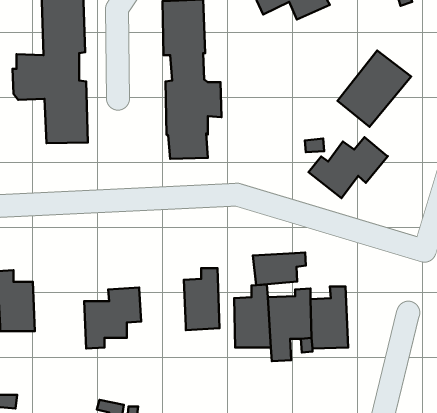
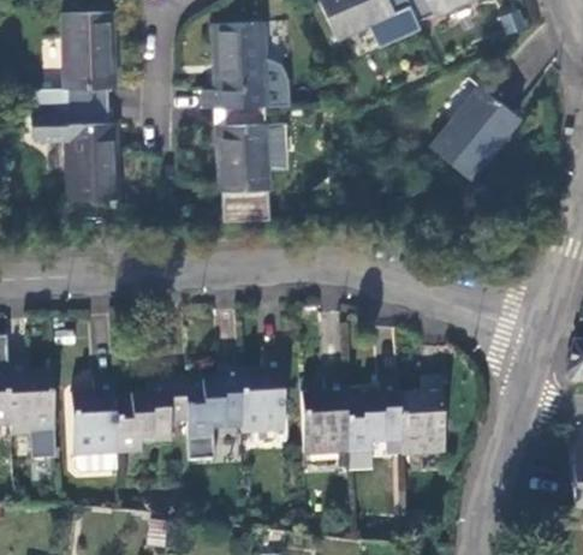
building: [308,137,388,198] -> none
building: [253,253,306,285] -> none
building: none -> [184,365,242,440]
building: none -> [72,380,118,456]

